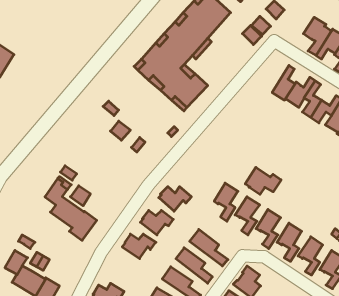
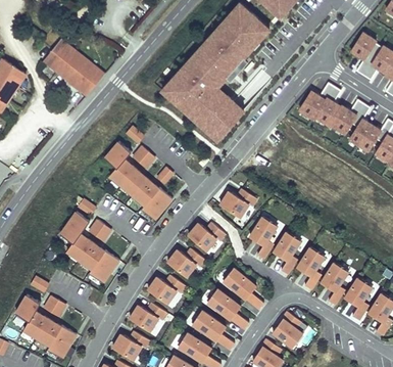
building: none -> [43,40,104,96]
building: none -> [299,83,334,120]
building: none -> [104,141,173,221]
building: none -> [219,189,256,218]
building: [245,167,281,194] -> none
building: none -> [130,304,165,331]

